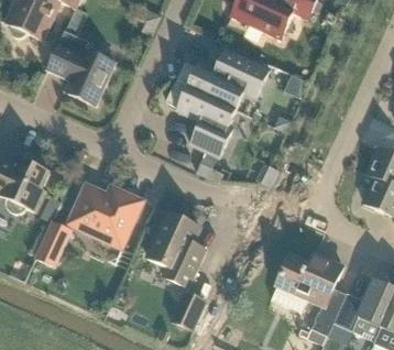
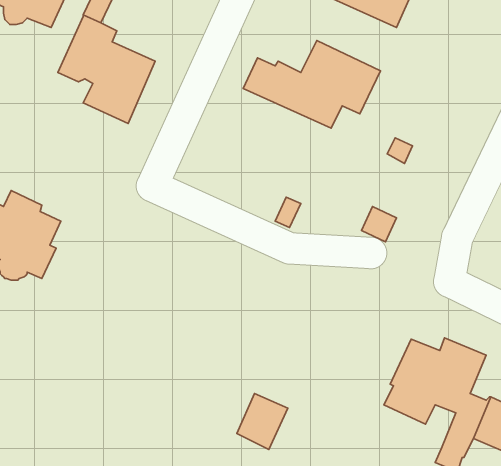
building: [166,81,236,157] -> none
building: [69,184,143,249] -> none
building: [146,208,206,287] -> none
building: [35,222,70,266] -> none

